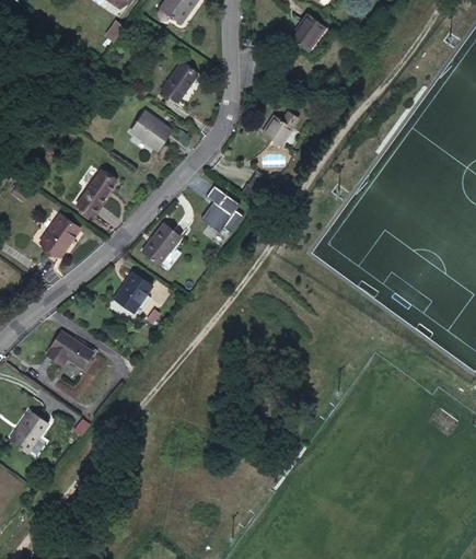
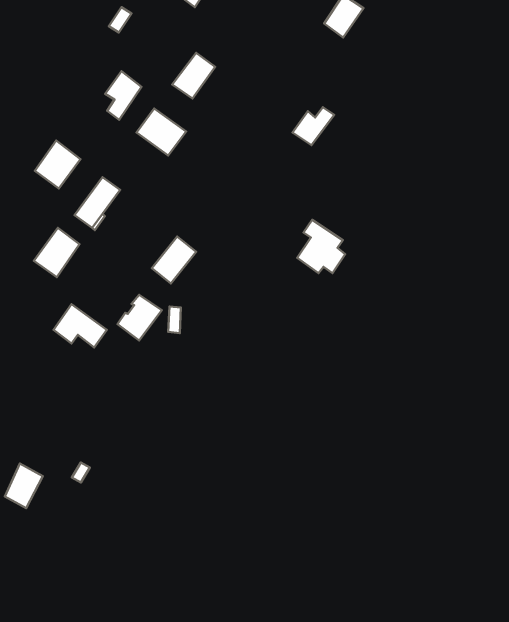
building: none -> [105,71,142,120]
building: none -> [35,141,81,188]
building: [200,184,242,230] -> [297,220,345,273]
building: [44,329,90,366] -> [54,304,107,347]

